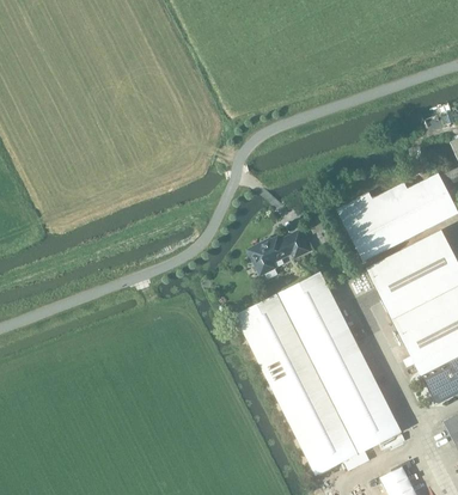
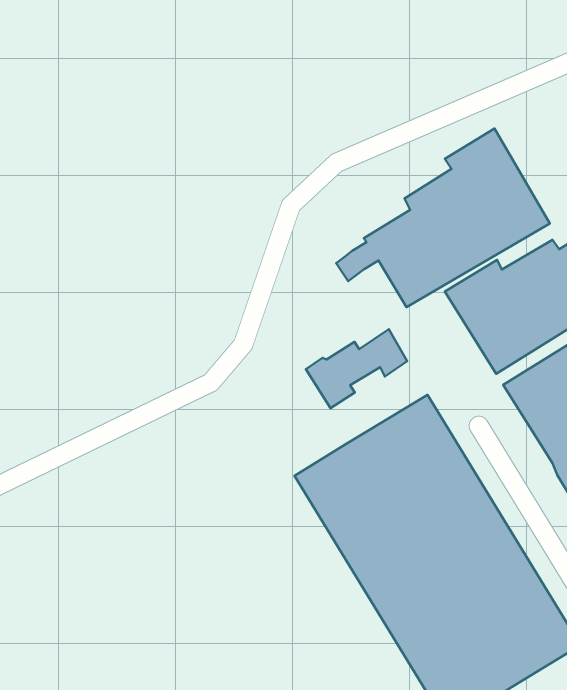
building: none -> [336,129,550,307]

